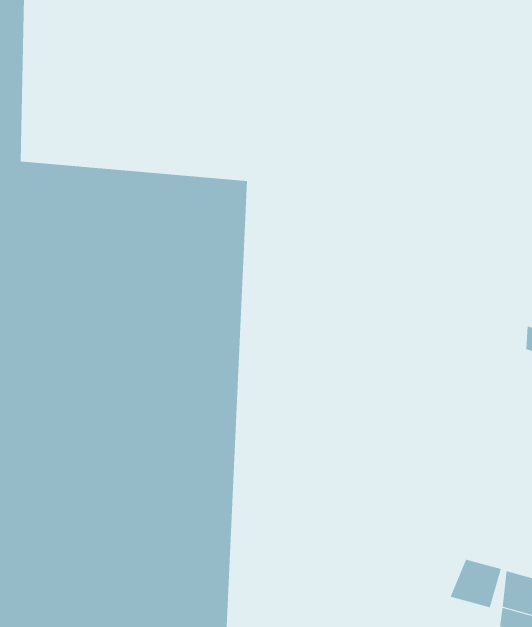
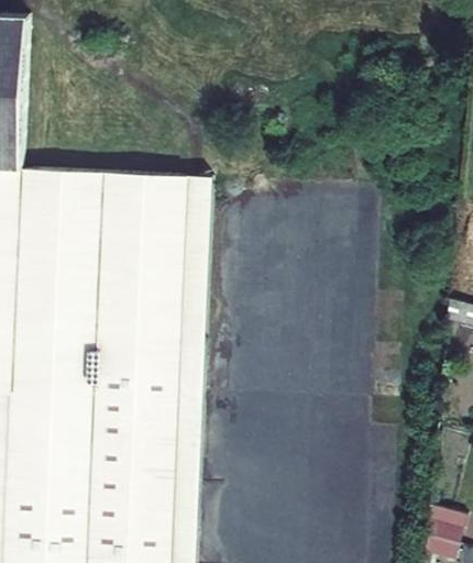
building: [450,559,502,608] -> none

